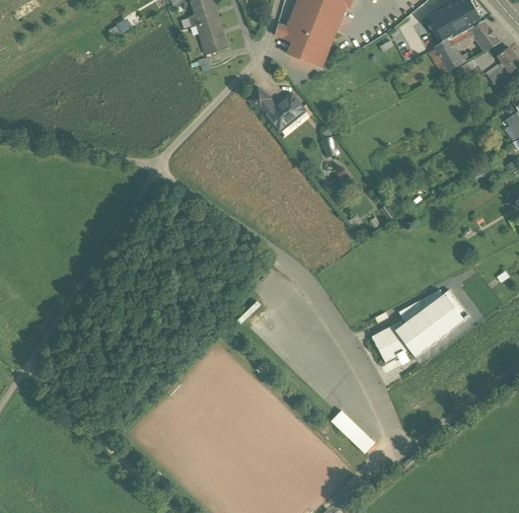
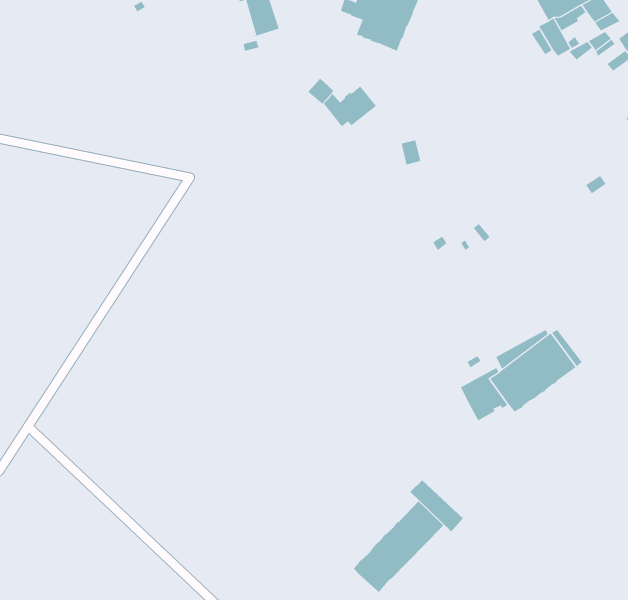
building: none -> [353,501,444,593]

